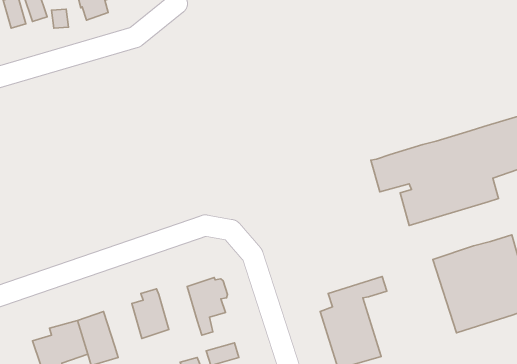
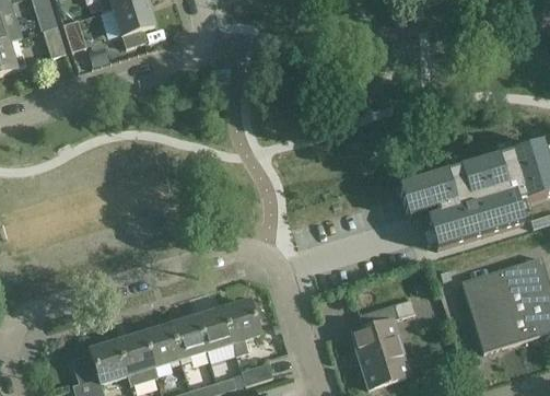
building: none -> [195,306,232,348]
building: none -> [141,323,178,364]

